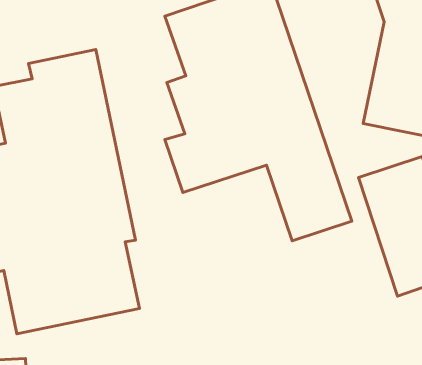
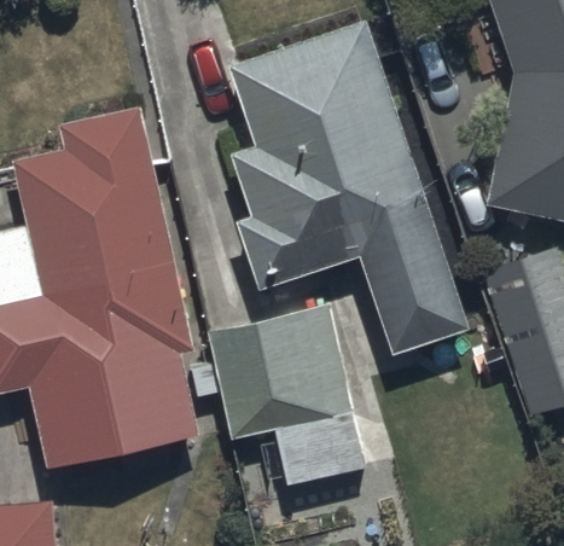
building: none -> [192,307,366,488]

